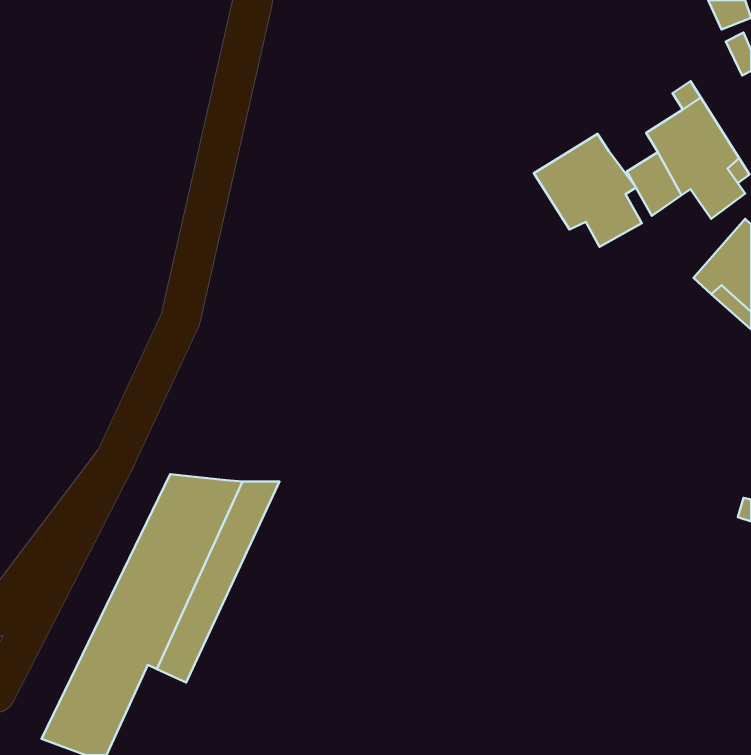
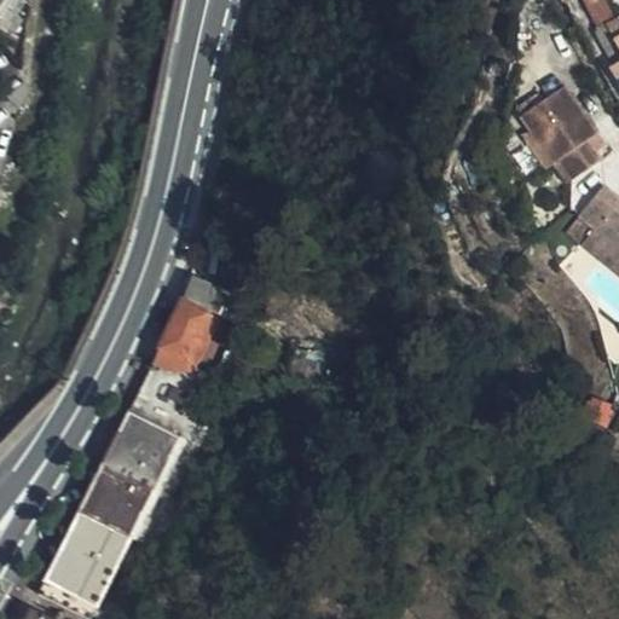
building: [534,134,642,247] -> none
building: none -> [139,297,210,393]

